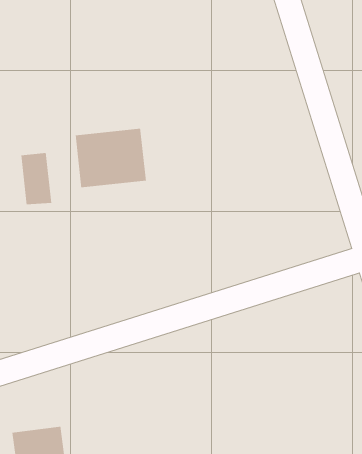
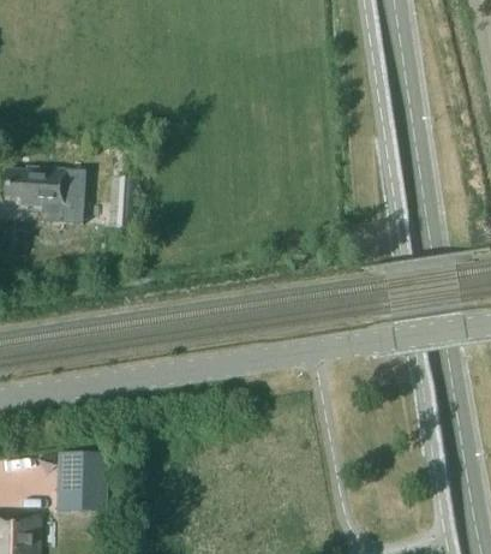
building: [75,128,146,188] -> none

